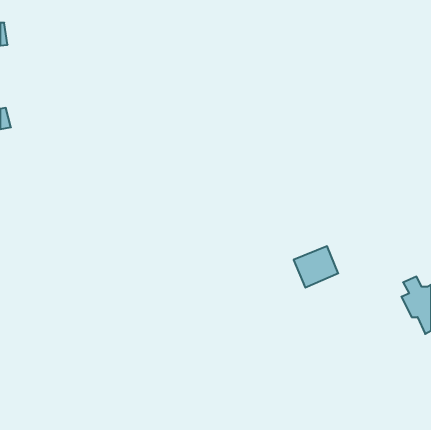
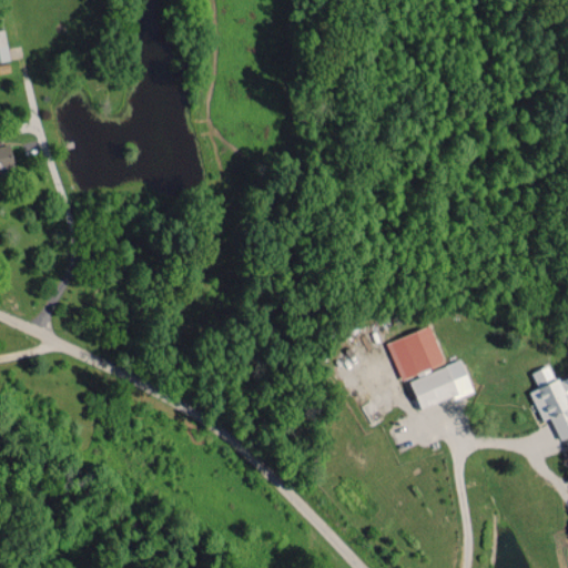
building: none -> [409,359,474,409]

